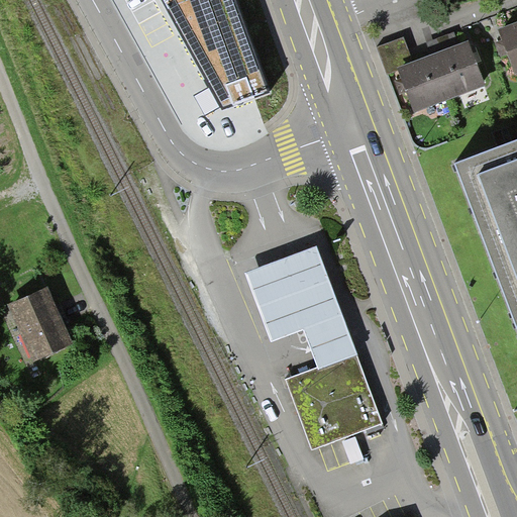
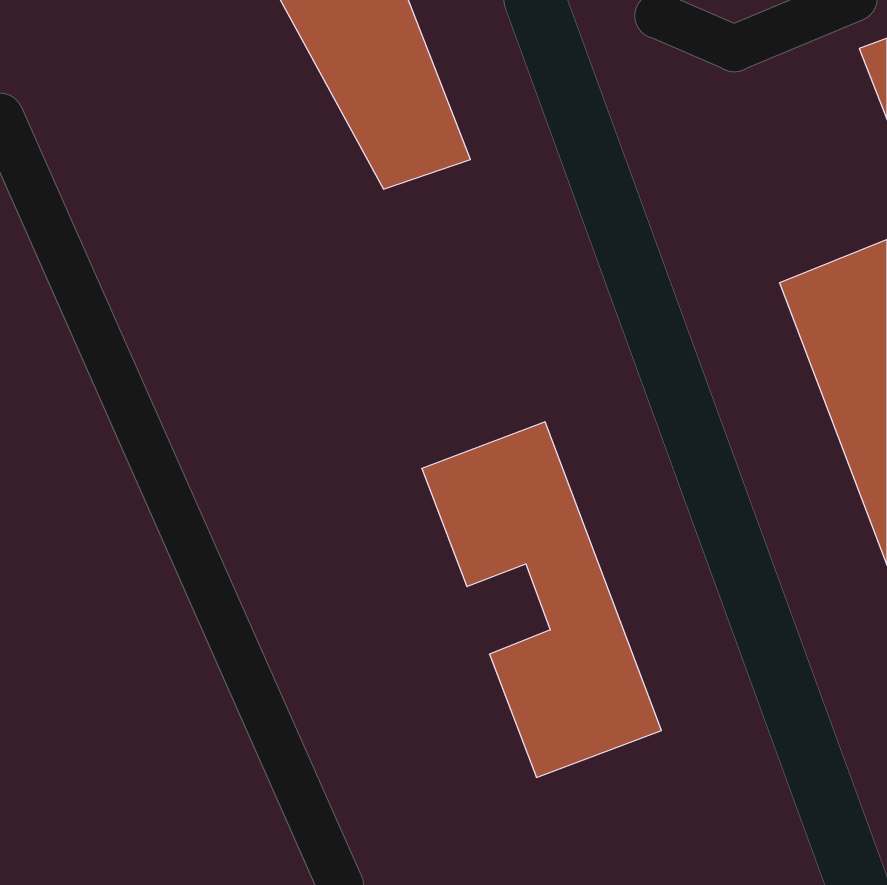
building: [398,39,485,109] -> none
building: [9,286,77,363] -> none

